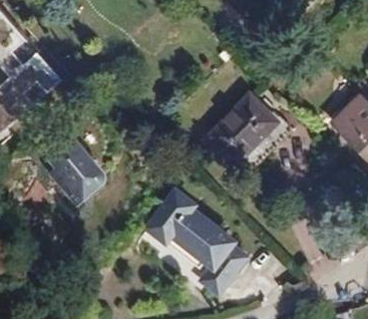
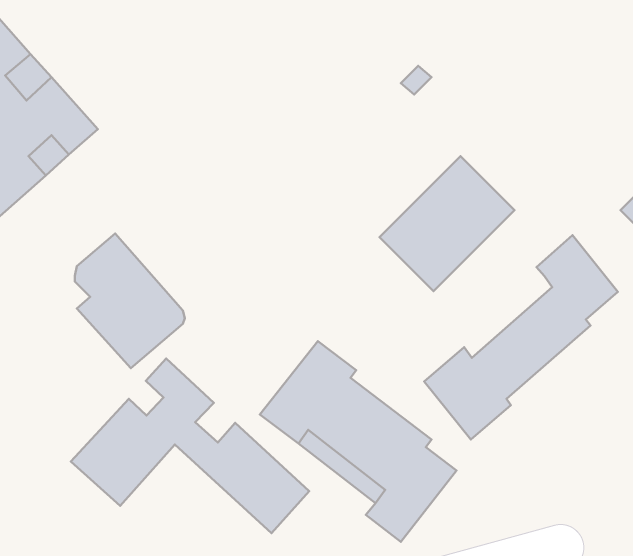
building: none -> [424,235,618,440]
building: none -> [71,359,309,533]

